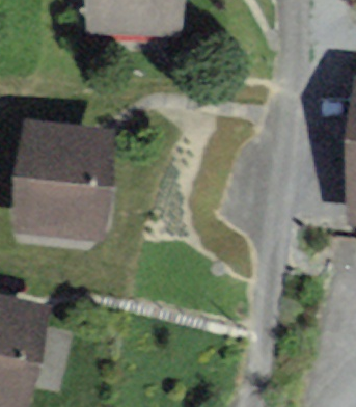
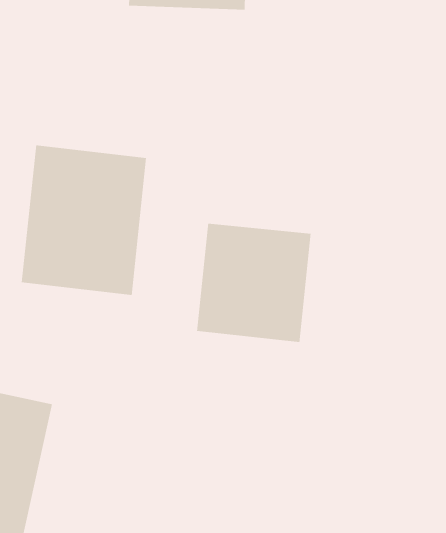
building: none -> [197,223,311,343]

